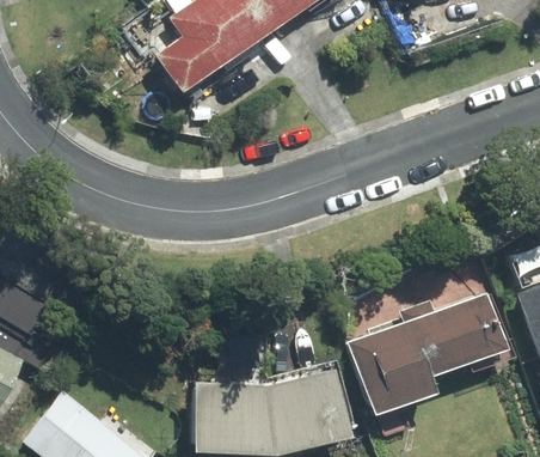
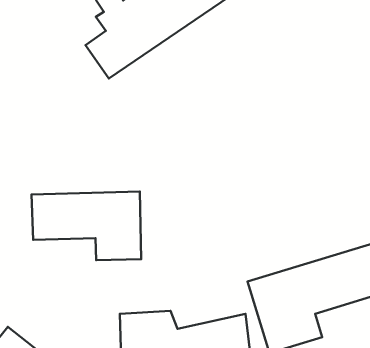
building: none -> [32,192,141,260]

